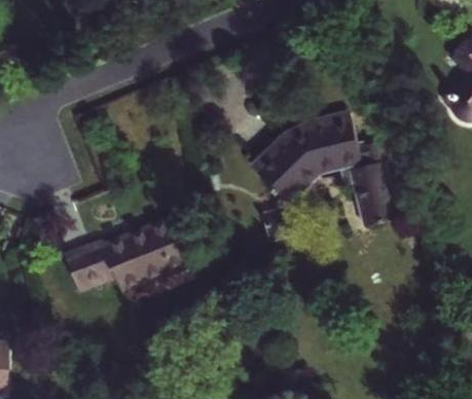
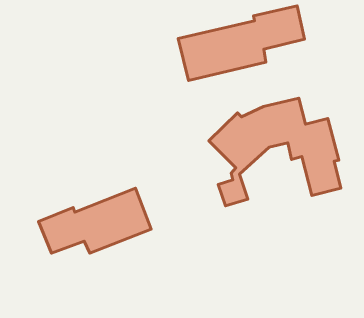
building: none -> [178,6,304,81]

